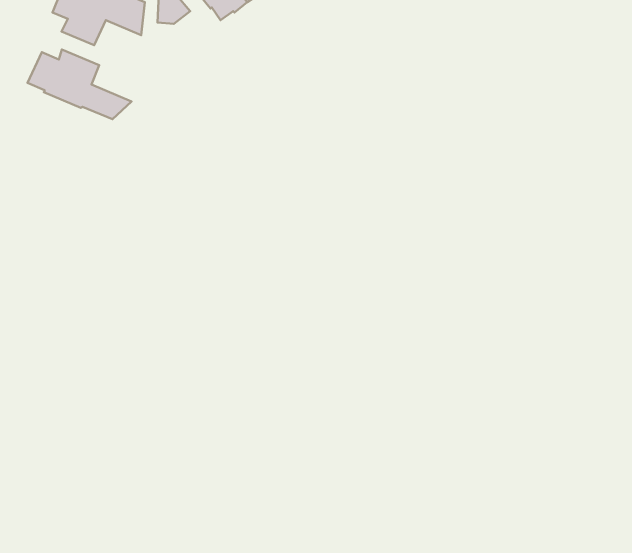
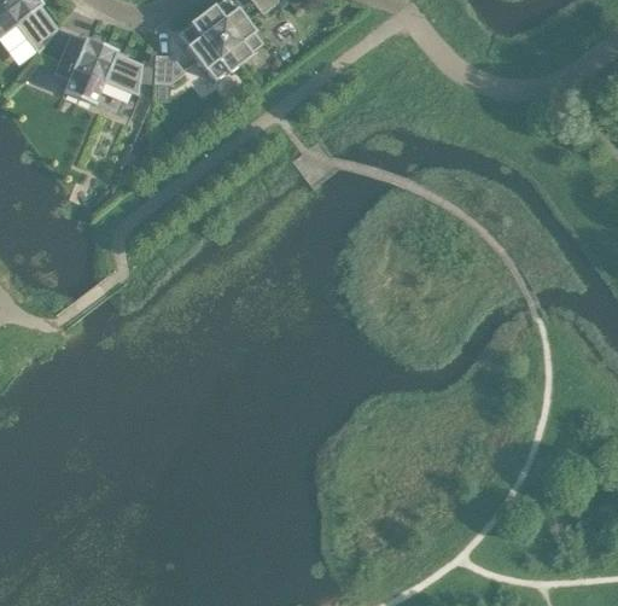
building: [27,49,132,119] -> none

